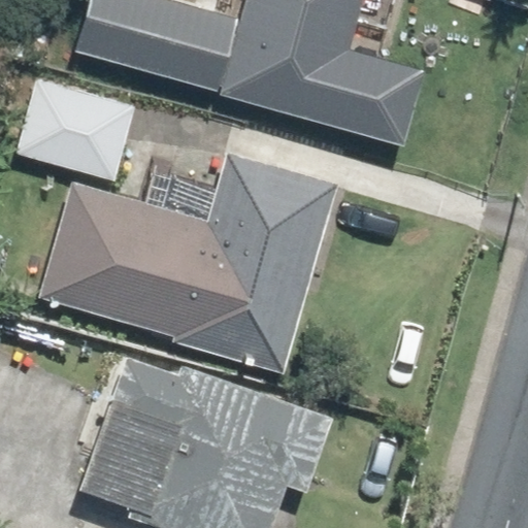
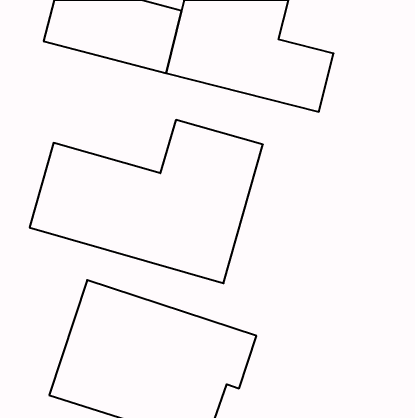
building: [13,78,140,175] -> none

